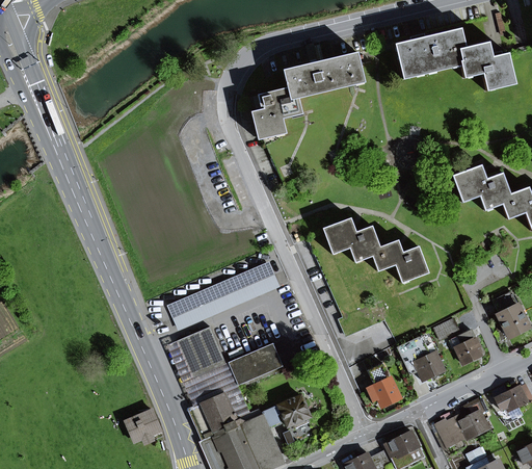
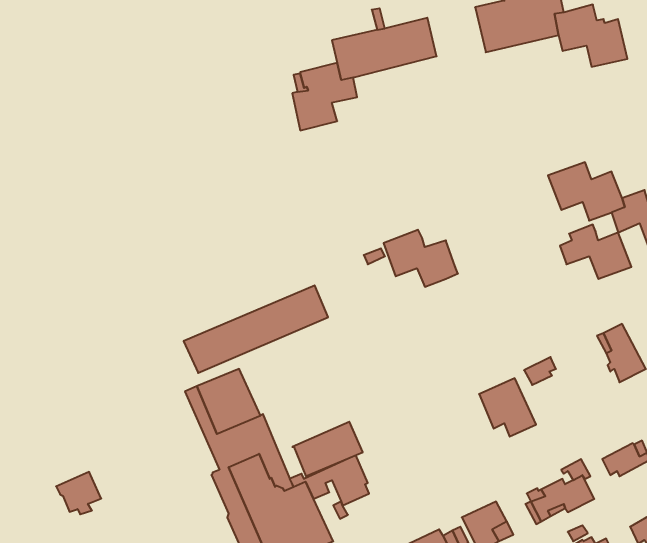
building: [372,239,428,282] -> [560,225,631,279]
building: [452,329,480,363] -> none
building: [228,342,283,385] -> [292,422,363,476]
building: [367,362,399,405] -> none
building: [126,410,161,443] -> [56,472,101,514]

